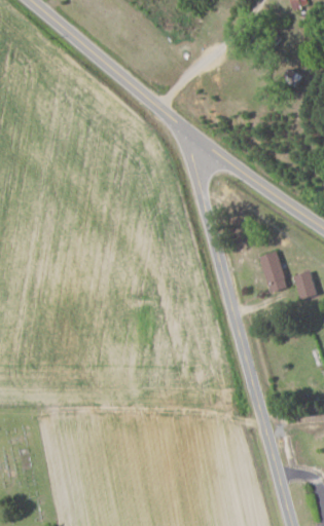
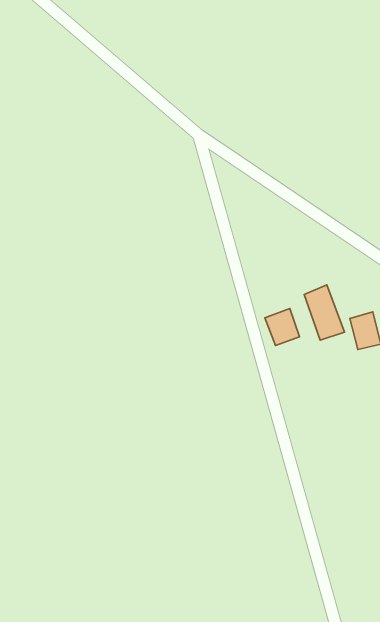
building: none -> [265,309,299,345]

